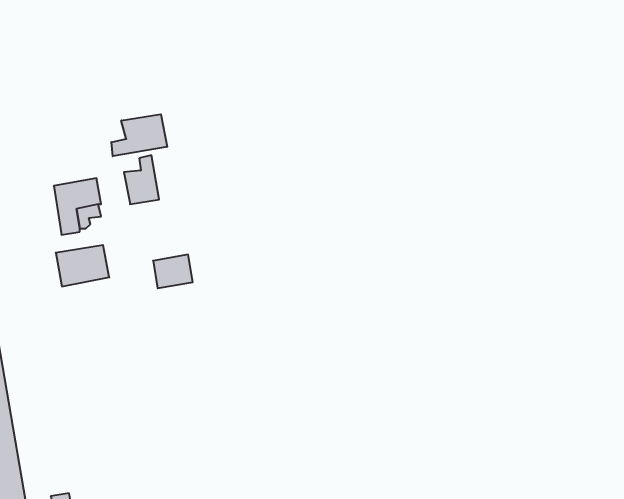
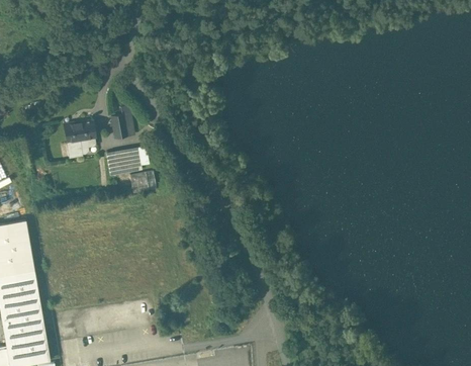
building: [111,114,167,156] -> none
building: [56,245,109,286] -> [106,149,142,176]

